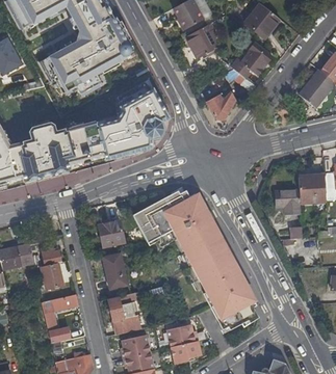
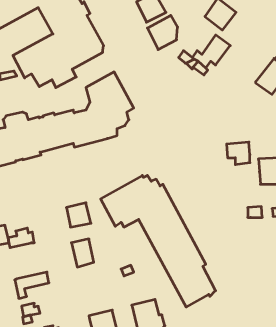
building: [205,95,236,124] -> none
building: [279,188,304,212] -> [227,142,250,165]
building: [36,264,64,291] -> none
building: [107,293,140,336] -> none

